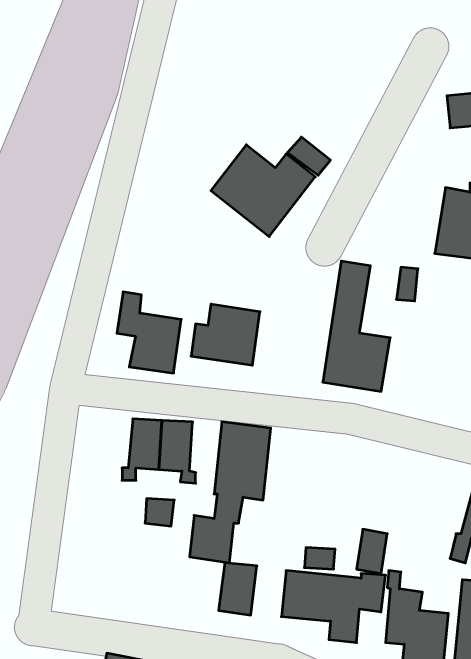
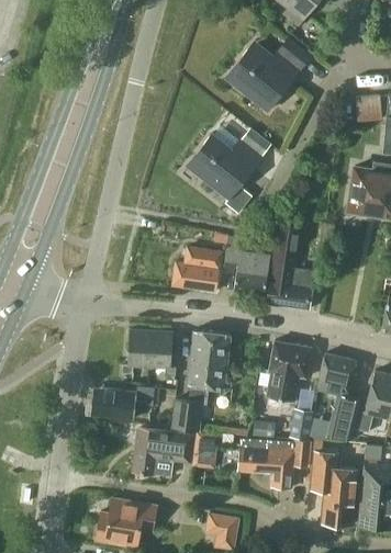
building: none -> [225,38,311,111]
building: [117,292,181,373] -> [224,236,270,294]
building: none -> [267,340,311,400]
building: none -> [319,353,360,441]
building: none -> [91,387,137,419]
building: none -> [133,428,193,476]

